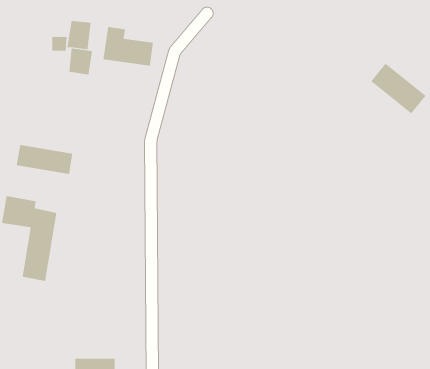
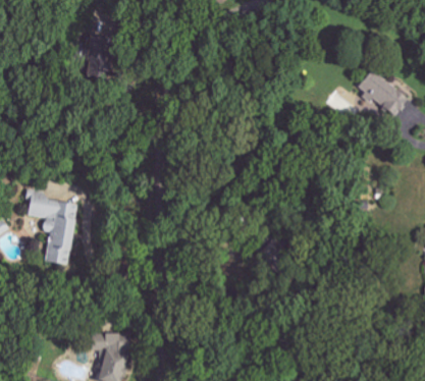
building: [103,26,154,66] -> none
building: [16,144,73,175] -> none

